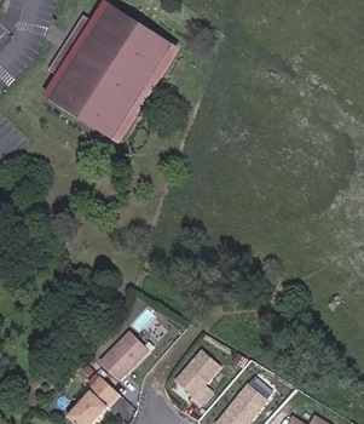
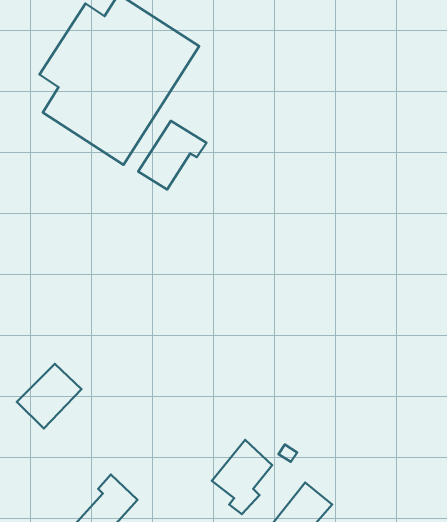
building: none -> [138,121,206,190]
building: [103,331,152,380] -> [17,364,82,429]

